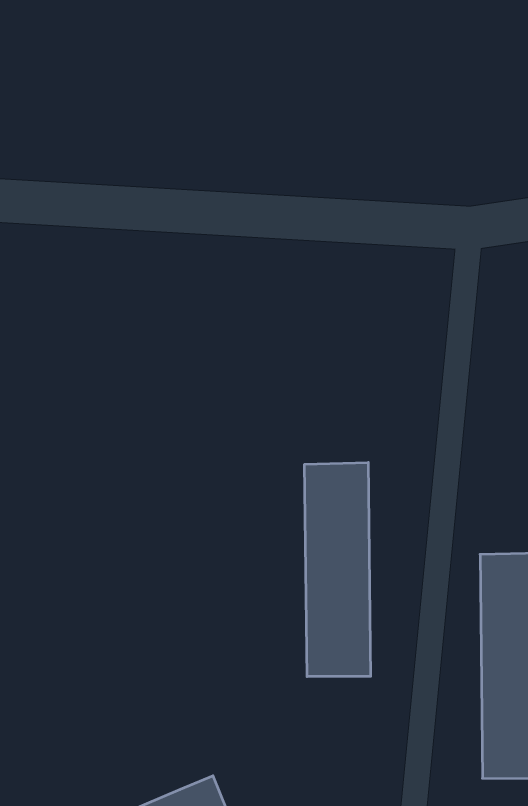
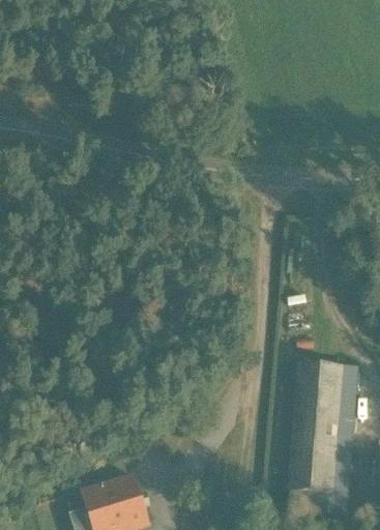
building: [305,462,371,677] -> none

